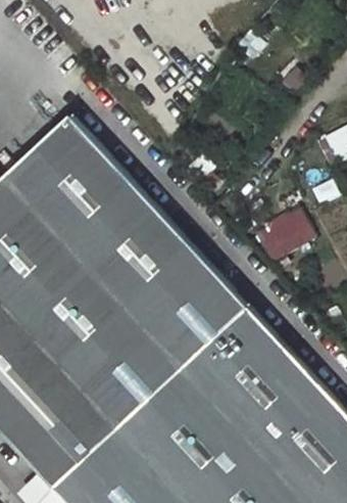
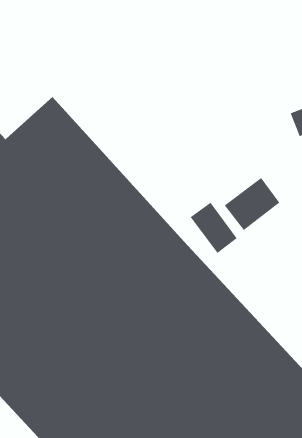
building: none -> [190,202,237,254]

